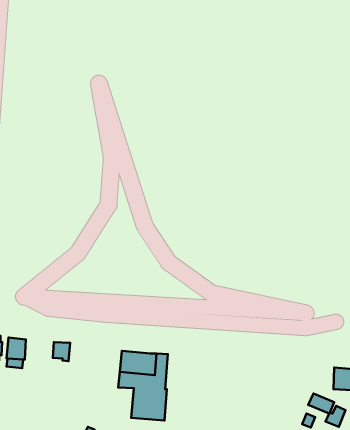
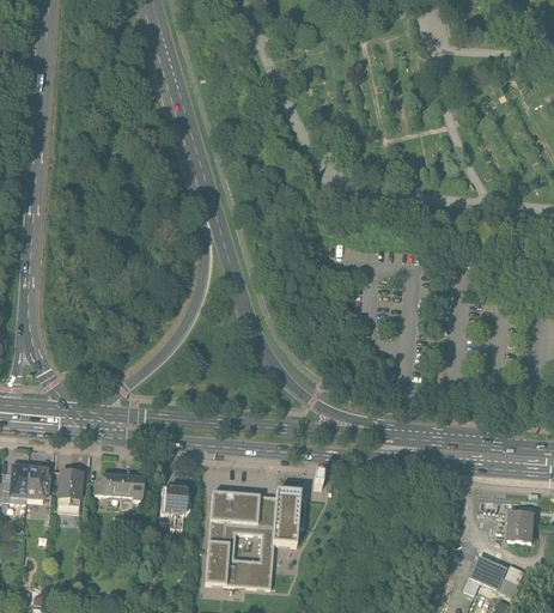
building: none -> [95,474,122,498]
building: none -> [159,486,187,516]
building: none -> [275,487,310,542]
building: none -> [208,539,232,581]

